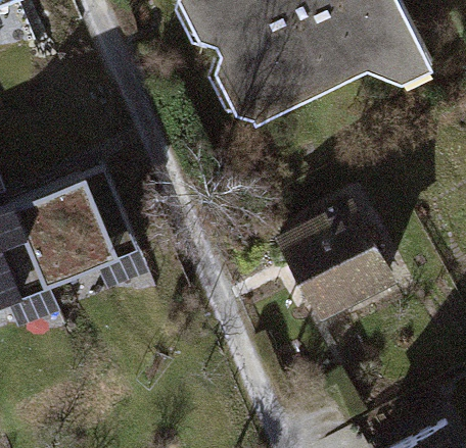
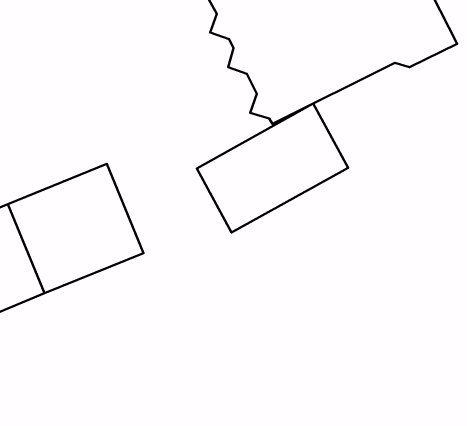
building: none -> [197,104,348,233]
building: [282,207,389,315] -> none

